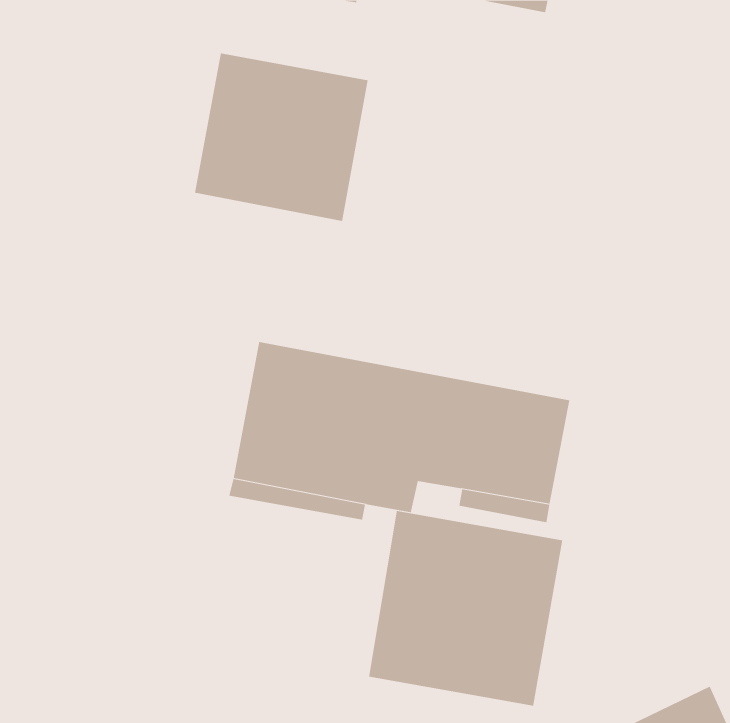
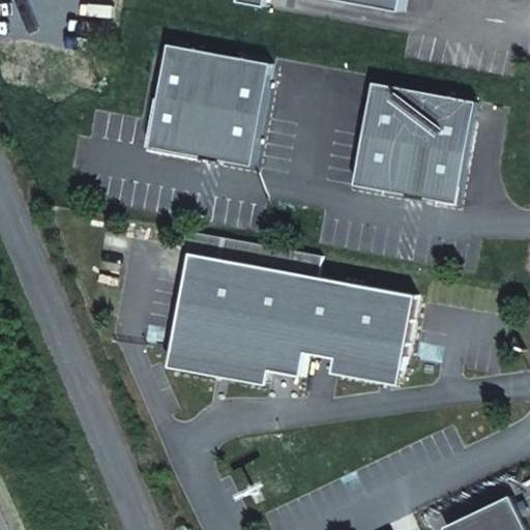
building: none -> [353,84,474,205]
building: [369,510,563,706] -> none

